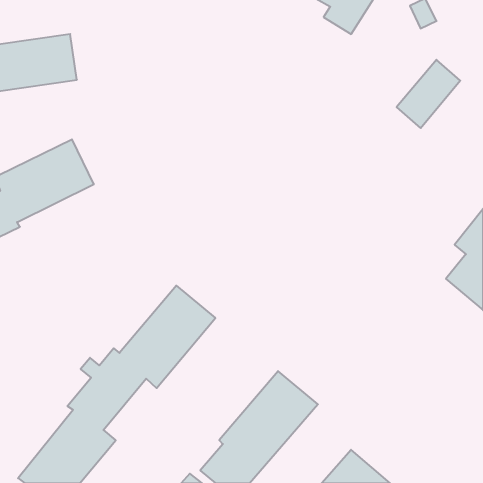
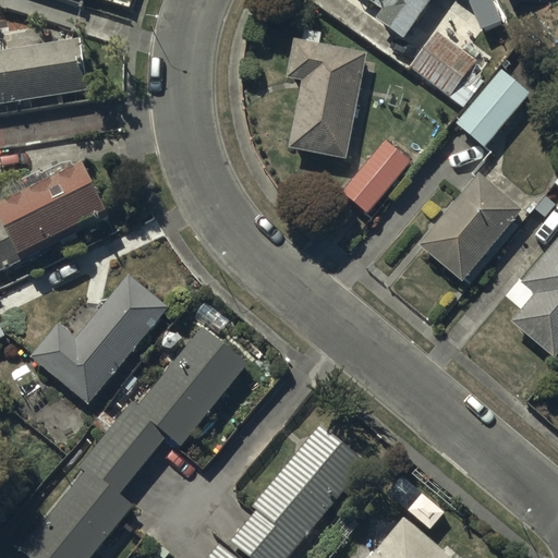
building: none -> [410,28,484,109]
building: none -> [286,39,366,158]
building: none -> [340,137,411,215]
building: none -> [418,172,522,280]
building: none -> [31,274,169,403]

